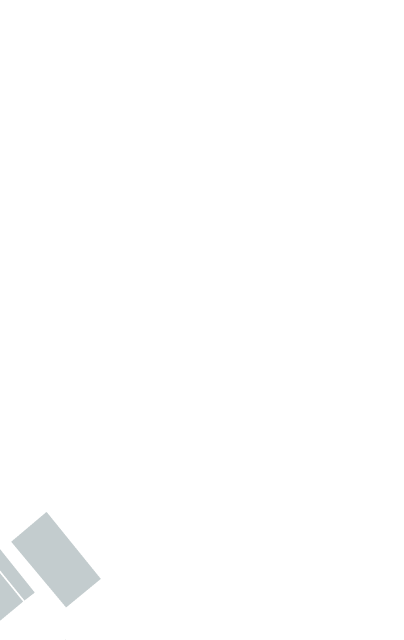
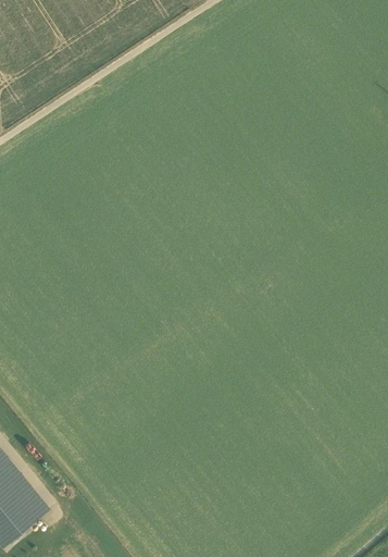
building: [10,511,102,609] -> none

